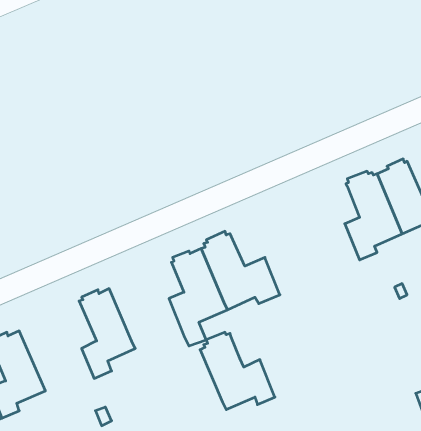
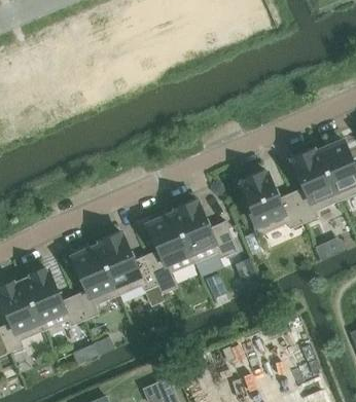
building: none -> [241,170,304,234]
building: none -> [23,268,84,330]
building: [200,332,275,410] -> [97,231,158,295]

